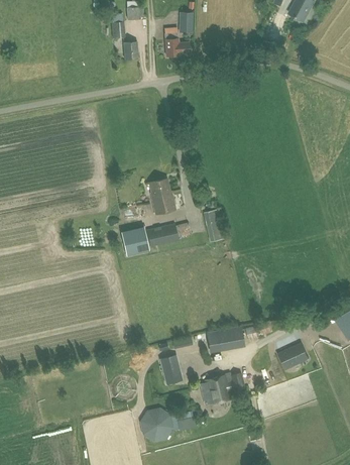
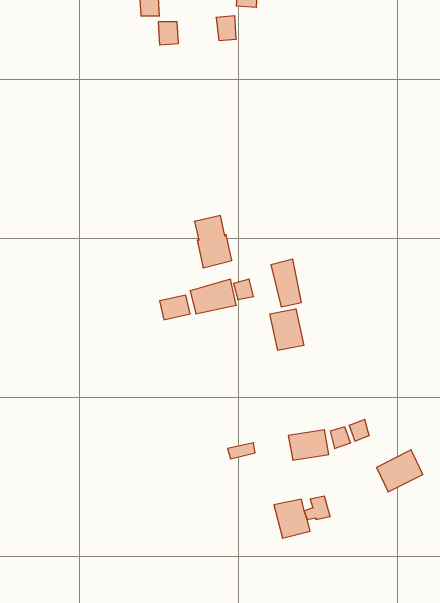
building: none -> [270,309,304,350]
building: [159,355,182,383] -> none
building: [139,408,172,441] -> none

